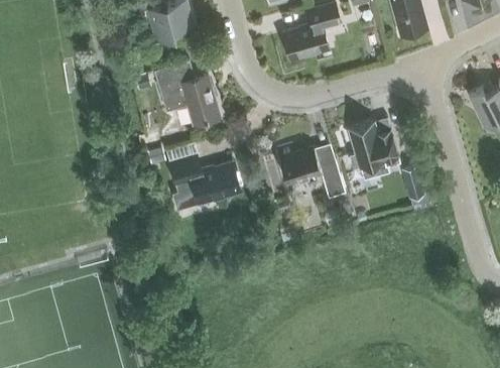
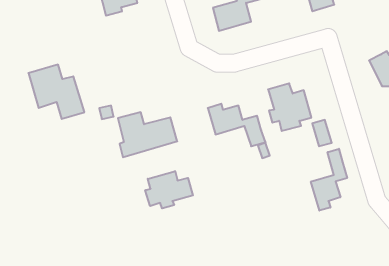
building: [154,60,221,125] -> [28,65,84,119]
building: none -> [311,149,347,211]
building: none -> [145,171,193,208]

